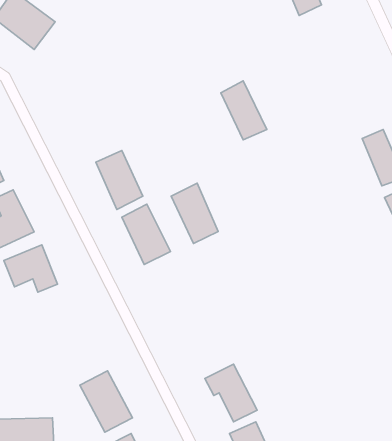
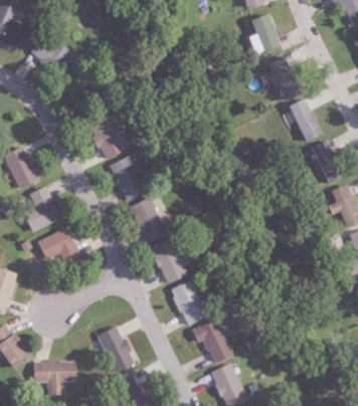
building: none -> [290,97,323,142]
building: [221,81,267,140] -> [268,55,304,100]
building: none -> [87,114,125,160]
building: [171,183,218,243] -> [150,238,186,284]
building: none -> [170,280,207,326]

